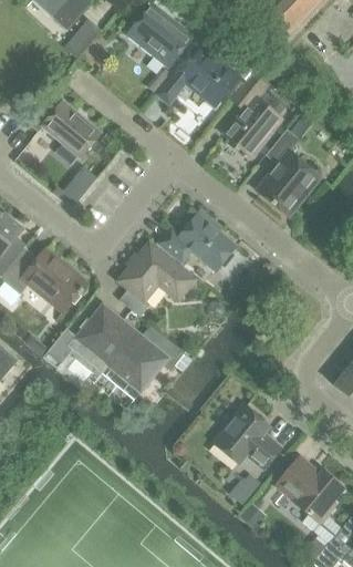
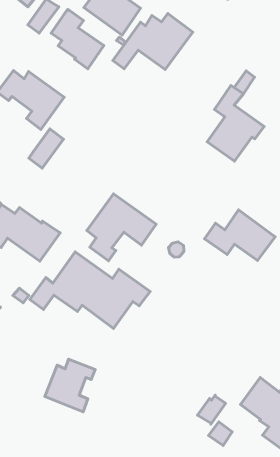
building: none -> [51,10,104,69]
building: [221,71,280,157] -> none
building: [157,213,236,270] -> [204,210,275,261]
building: [212,404,280,467] -> none
building: none -> [45,359,95,412]

